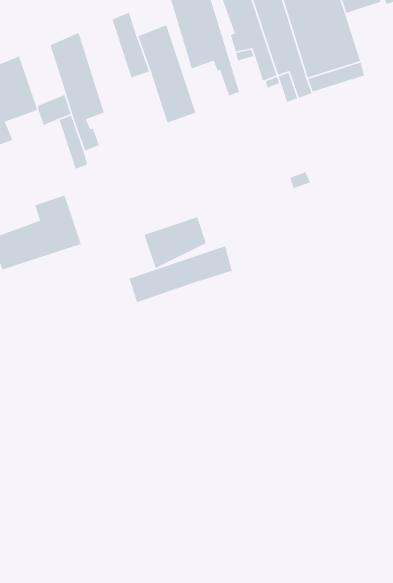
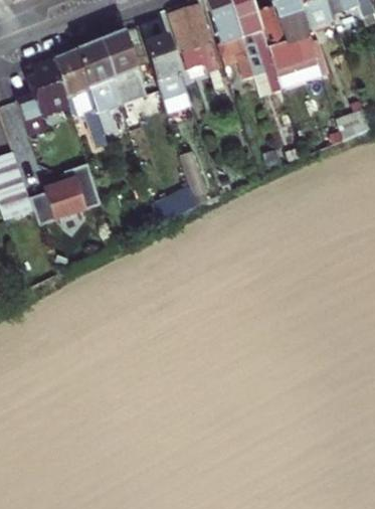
building: none -> [99,29,145,103]
building: none -> [52,49,87,97]
building: [128,245,233,303] -> none

